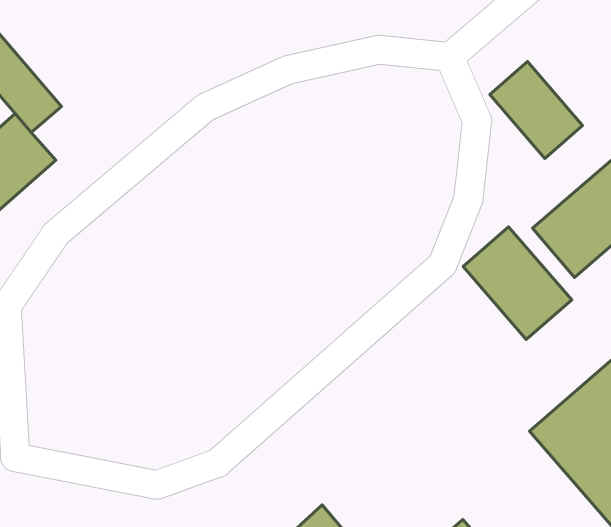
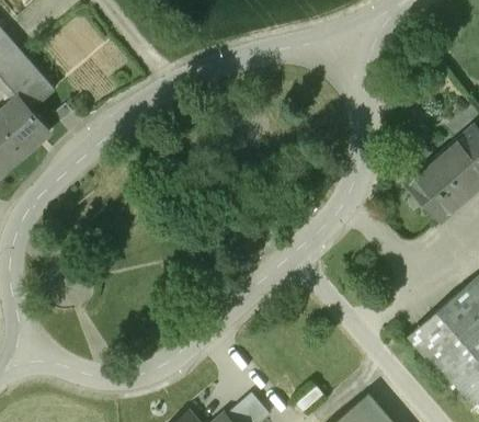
building: [490,62,583,158] -> none
building: [463,227,572,340] -> none

